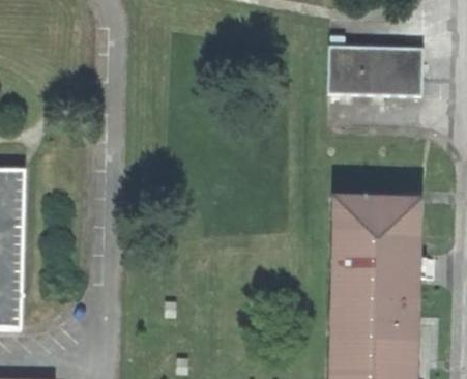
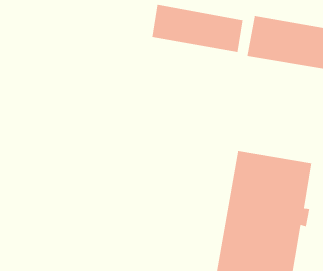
building: none -> [151,4,244,53]

